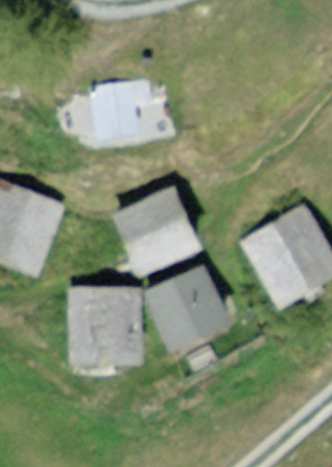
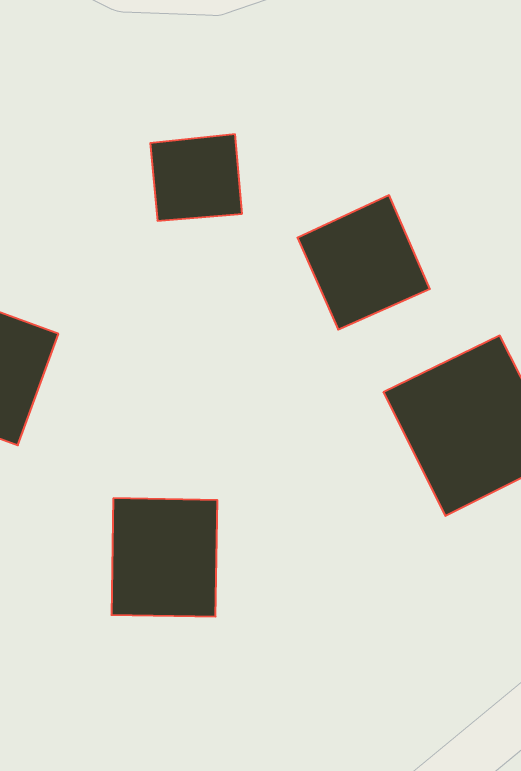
building: [125,198,200,275] -> [297,195,430,330]
building: [158,276,232,350] -> none

